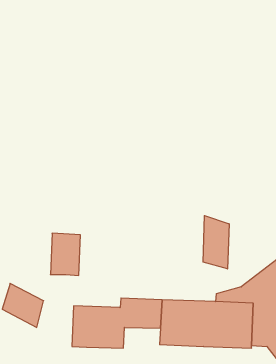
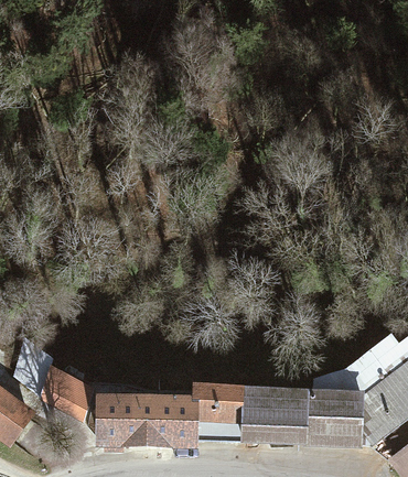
building: [203,216,229,269] -> none
building: [50,233,80,275] -> [92,390,130,444]

